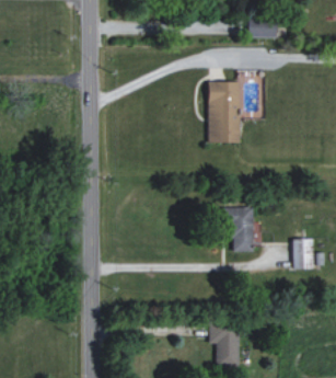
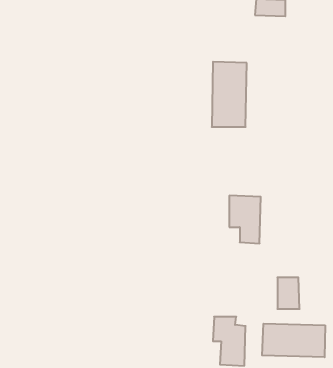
building: [293,239,314,268] -> [277,277,300,309]
building: none -> [262,324,325,357]

